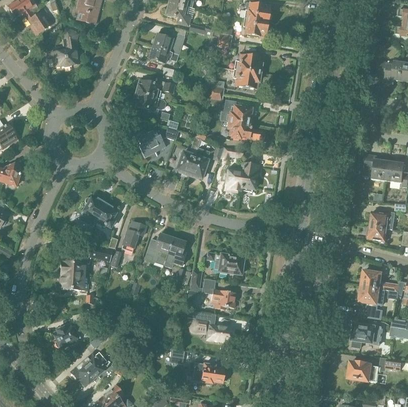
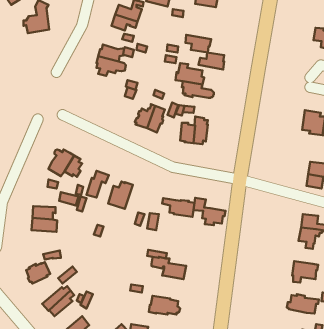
building: [233,54,262,73] -> [198,53,224,69]
building: [135,129,165,156] -> none
building: [164,237,186,267] -> none
building: [201,278,237,309] -> [193,198,225,225]

